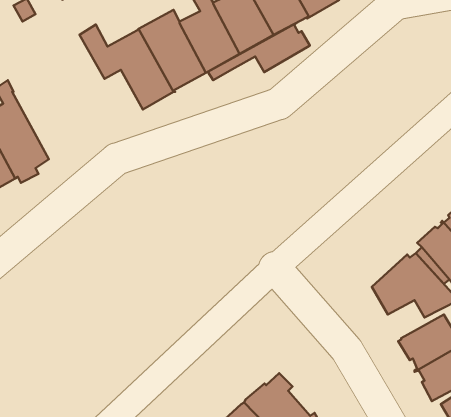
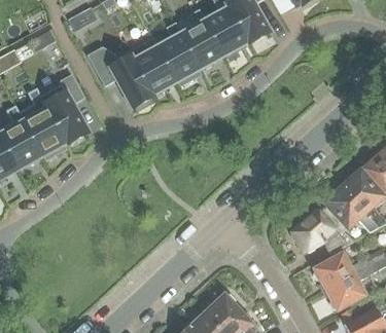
building: [208,22,310,80] -> none
building: none -> [40,74,89,144]

